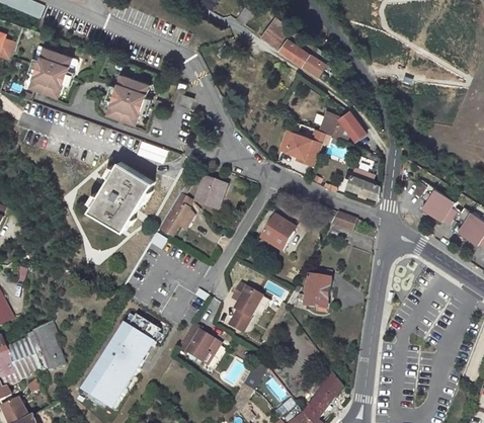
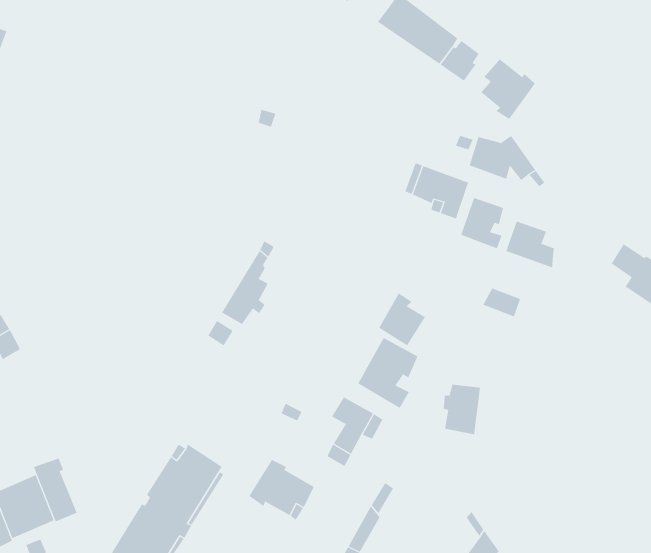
building: [24,48,77,97] -> none
building: none -> [480,58,535,120]
building: [104,75,149,123] -> none
building: none -> [460,197,504,249]
building: [90,162,153,231] -> none
building: [196,177,227,209] -> none
building: none -> [358,337,418,409]

